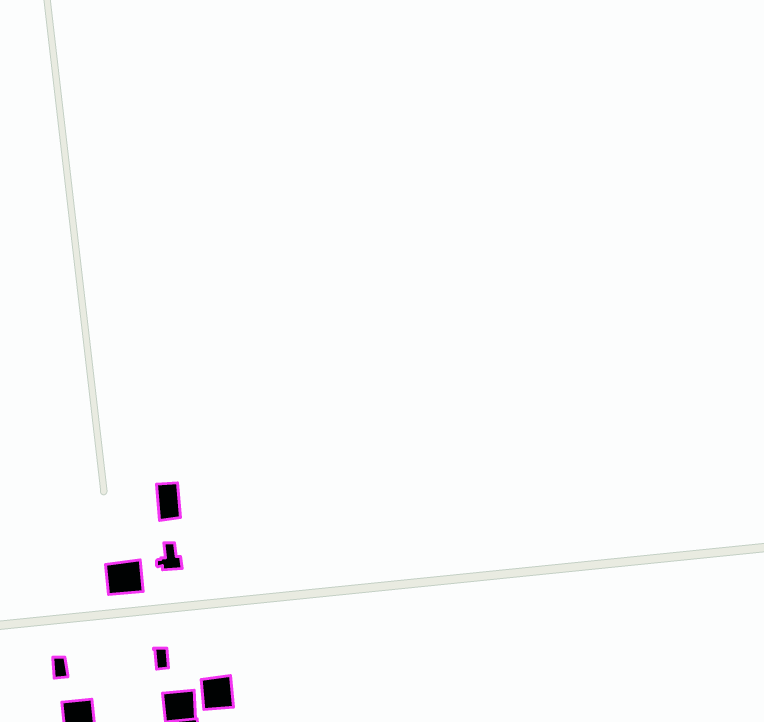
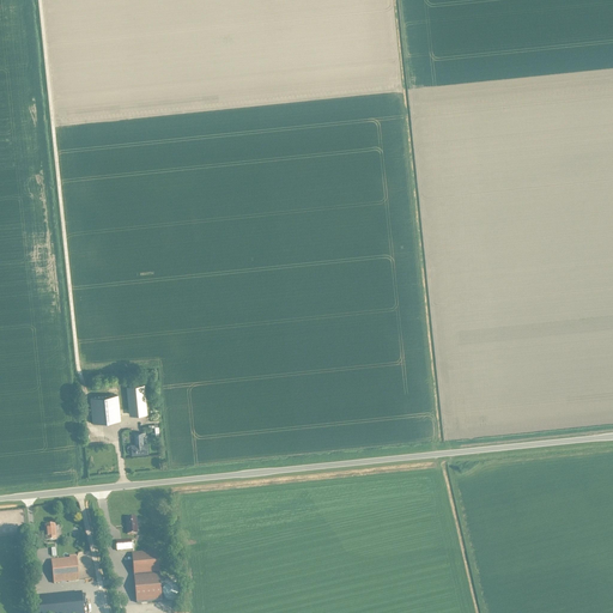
building: [106,560,143,595] -> [90,395,120,423]
building: [201,675,233,710] -> none

